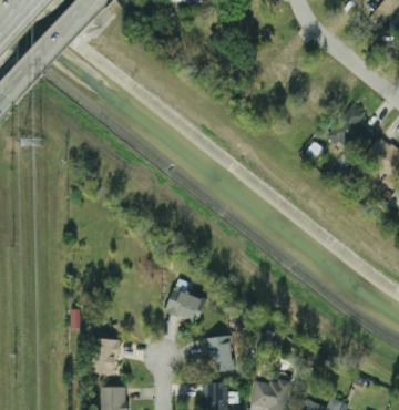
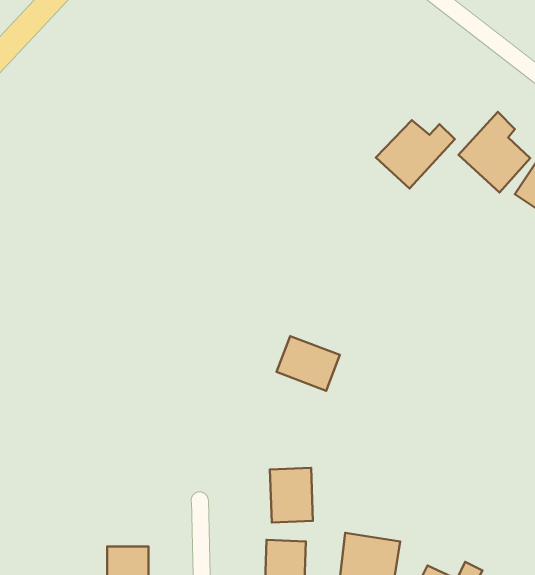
building: none -> [376,120,455,188]
building: [164,288,205,324] -> [276,336,340,391]
building: [92,338,119,373] -> none

